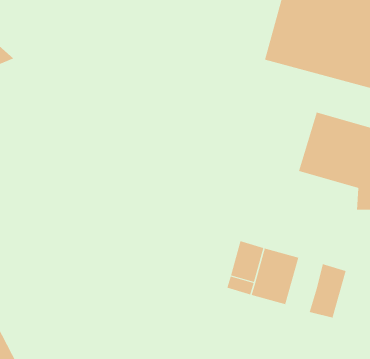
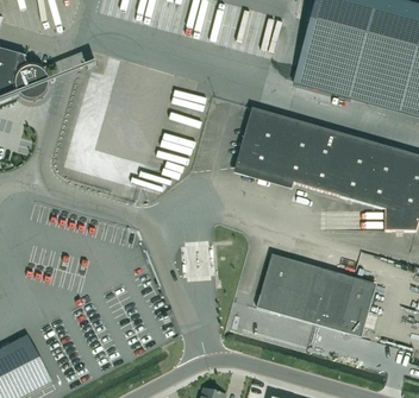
building: none -> [234,107,344,191]
building: none -> [314,276,350,329]

